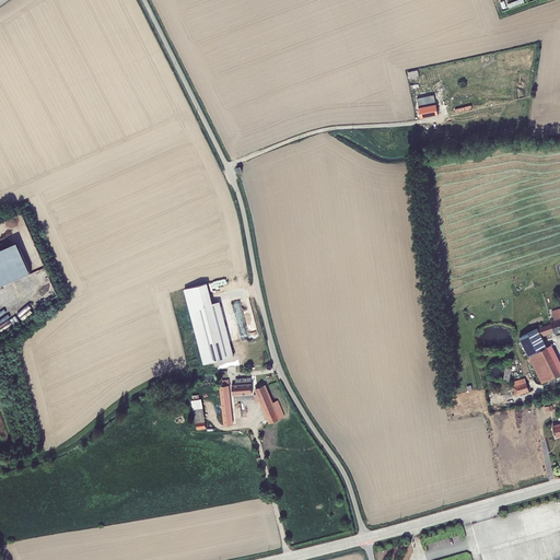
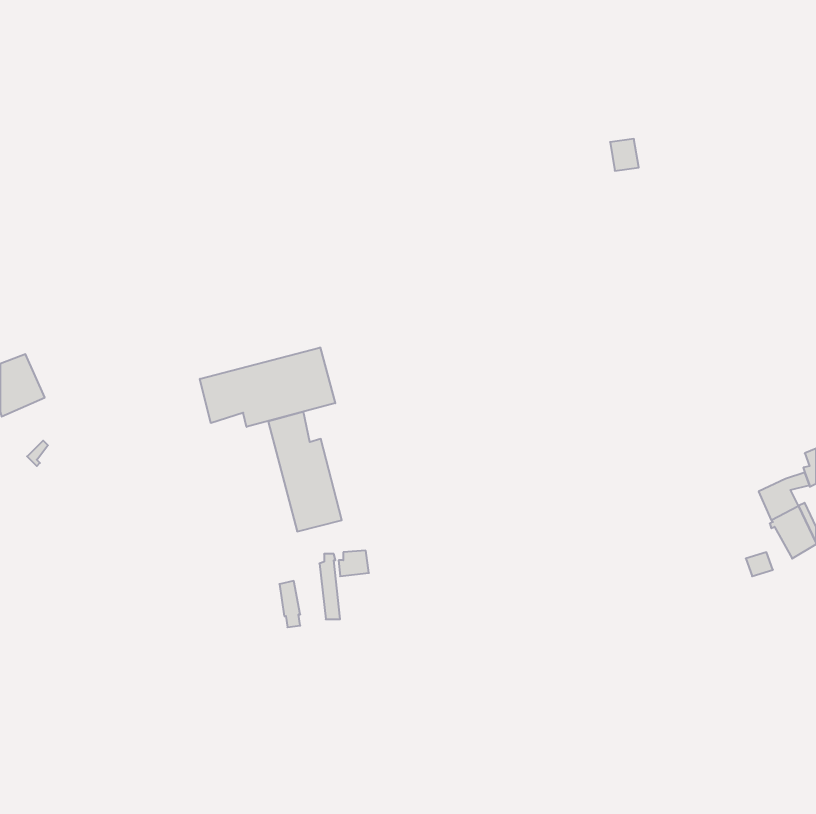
building: none -> [200,347,335,427]
building: [253,386,284,424] -> none

